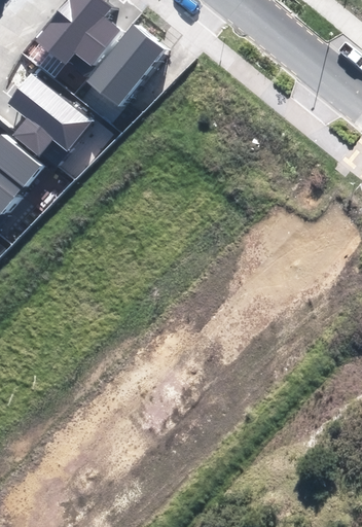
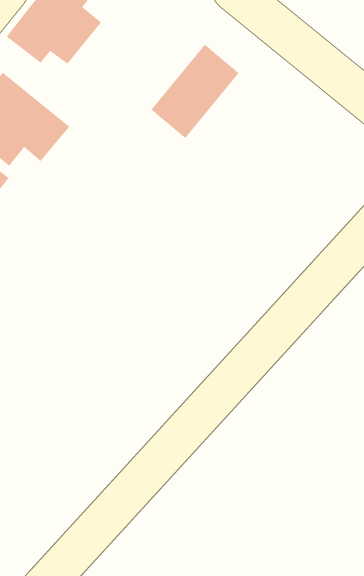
building: [87,25,166,108] -> [151,44,239,139]

